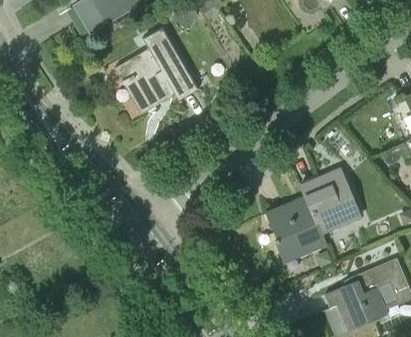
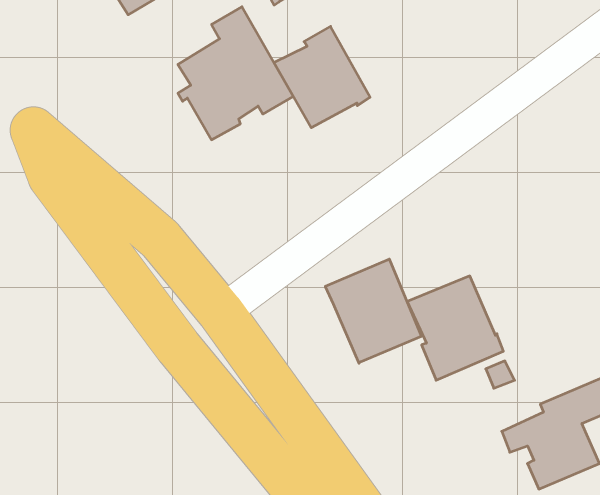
building: none -> [274,26,370,128]
building: [300,168,361,233] -> [325,259,422,363]

